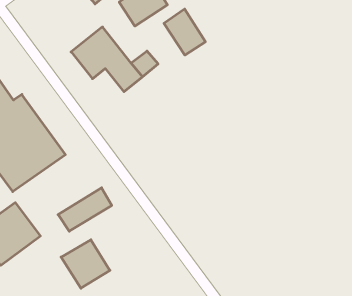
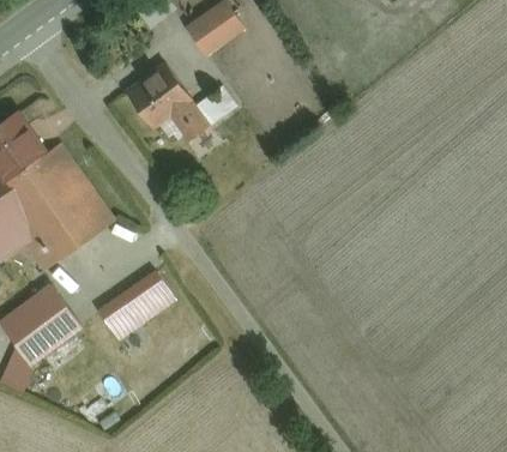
building: [164,9,205,55] -> none
building: [61,240,110,288] -> none

